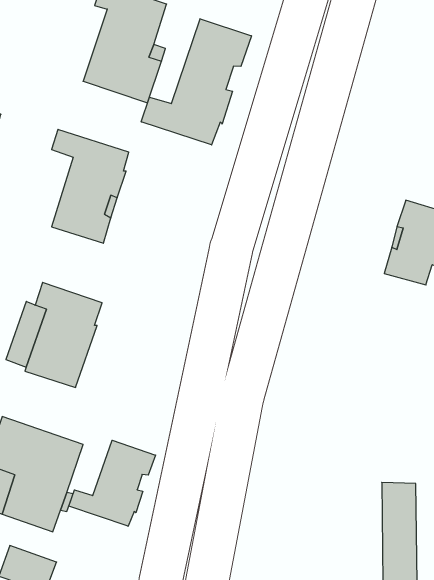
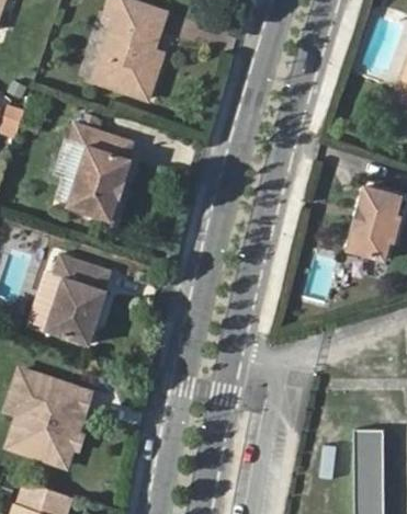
building: [141,19,251,145] -> none
building: [69,440,156,526] -> none

